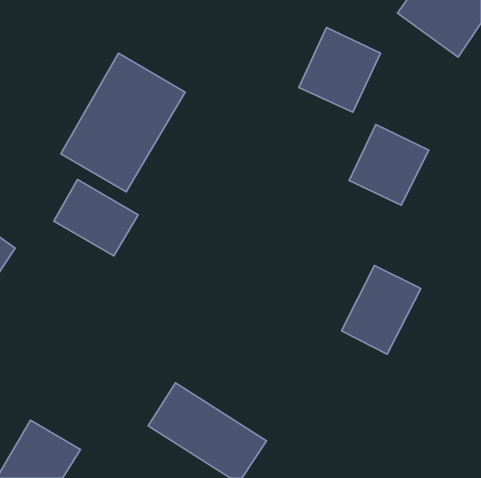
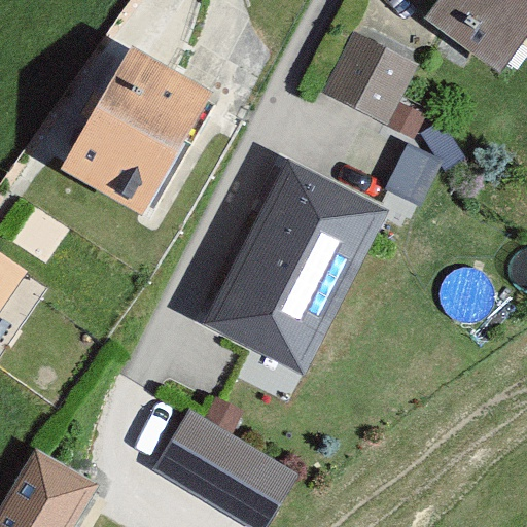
building: none -> [211,169,377,363]
building: [54,179,138,256] -> none
building: [342,266,421,354] -> none

